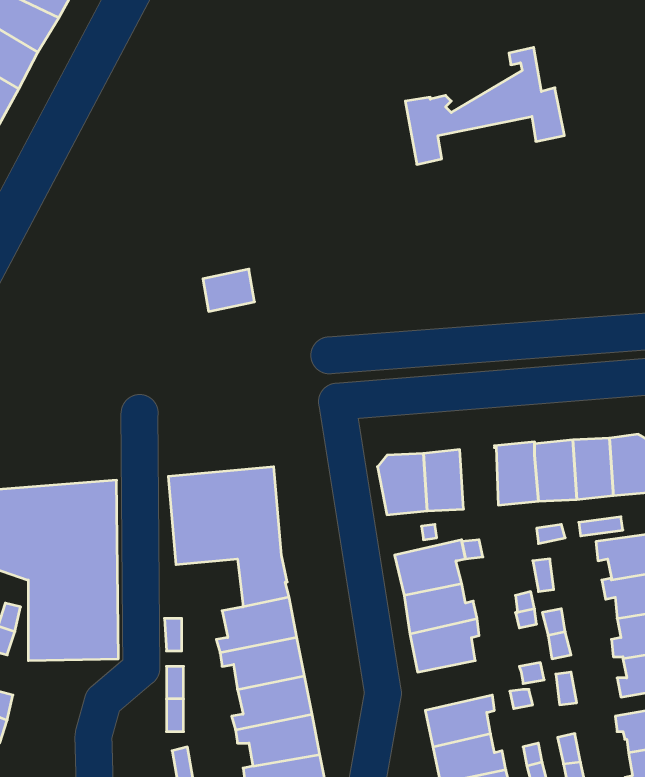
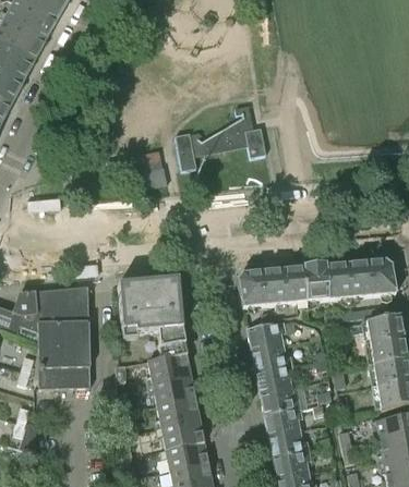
building: [405,47,564,164] -> [176,105,266,171]
building: none -> [284,268,305,303]
building: none -> [260,389,302,417]

